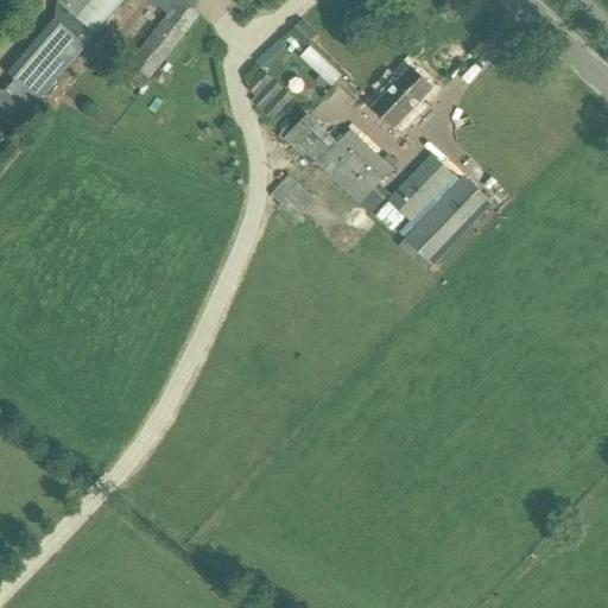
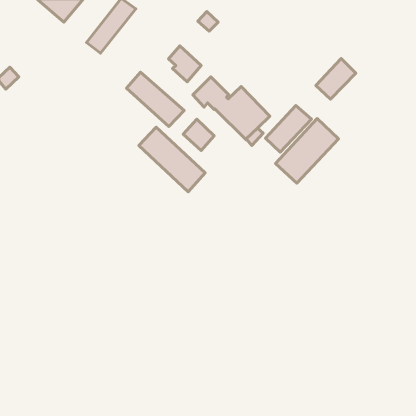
building: [12,24,82,99] -> none
building: [370,66,429,126] -> [316,58,356,99]
building: none -> [126,72,184,126]
building: none -> [139,127,205,192]

